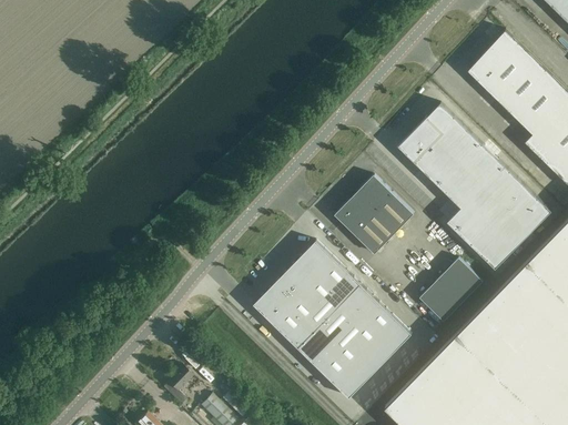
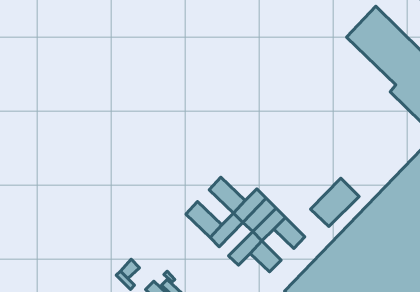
building: [397,103,550,270] -> none
building: [335,176,414,255] -> none
building: [301,242,348,289] -> none
building: [270,274,317,321] -> none
building: [298,317,343,362] -> none
building: [355,326,397,367] -> none
building: [324,358,365,399] -> none

